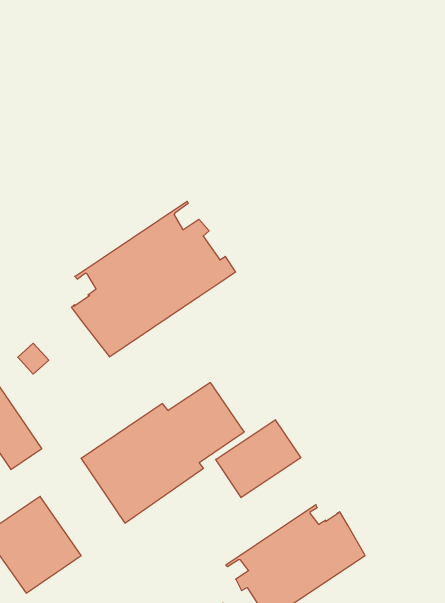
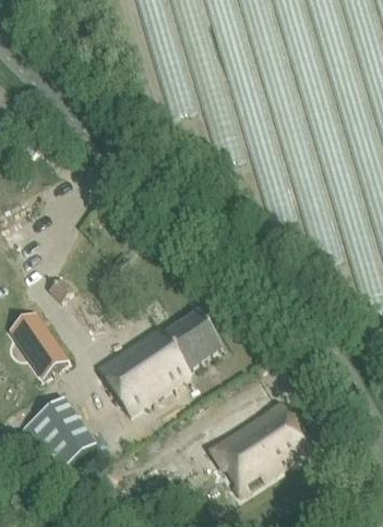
building: [72,201,236,357] -> none
building: [216,420,301,498] -> none

